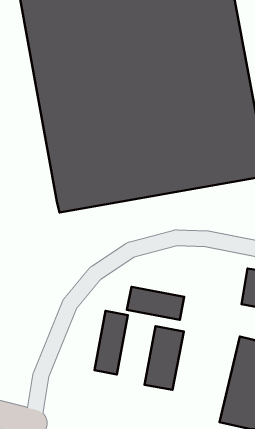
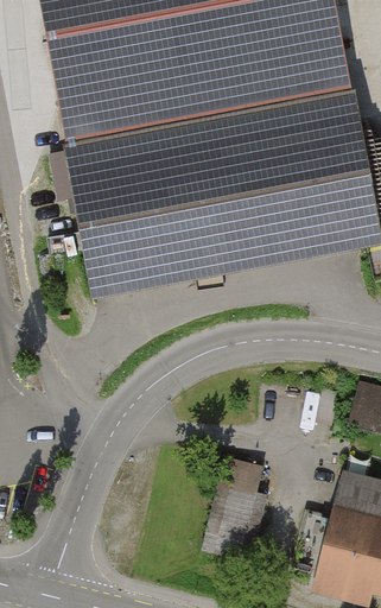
building: [127,287,184,320] -> none
building: [94,311,128,374] -> none

